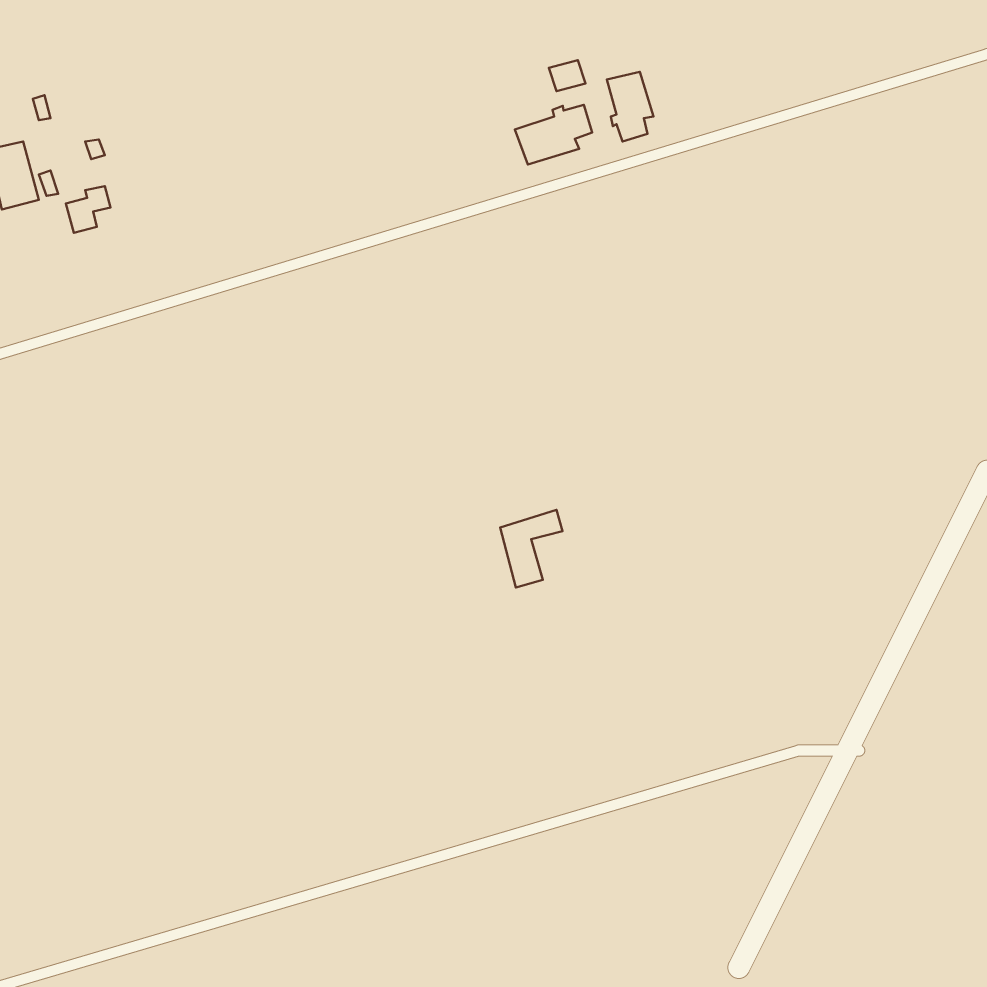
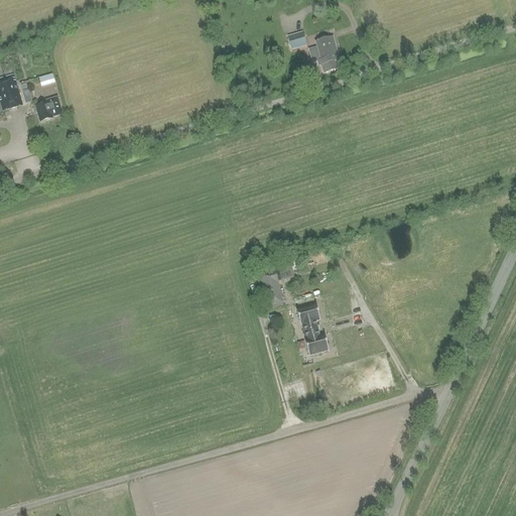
building: [515,105,592,164] -> none
building: none -> [295,303,329,355]

